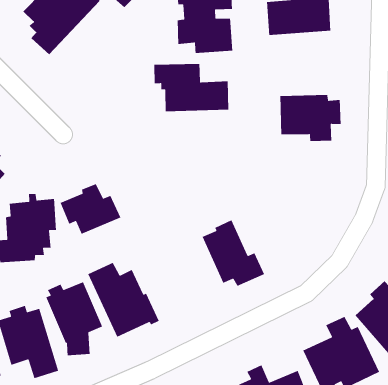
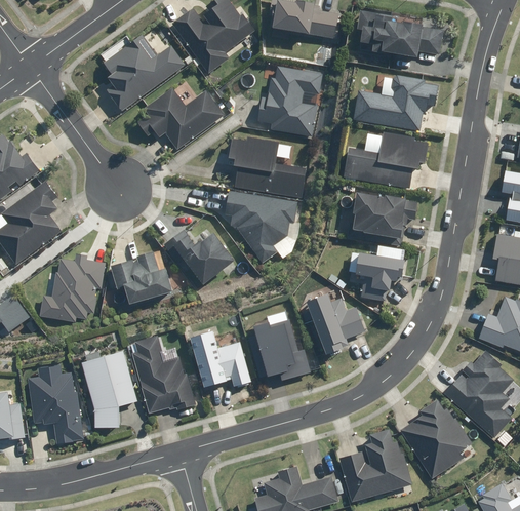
building: none -> [136,87,226,153]
building: none -> [343,131,427,187]
building: none -> [225,190,298,264]
building: none -> [349,248,406,290]
building: none -> [161,228,234,285]
building: none -> [304,289,366,355]
building: none -> [189,329,251,387]

